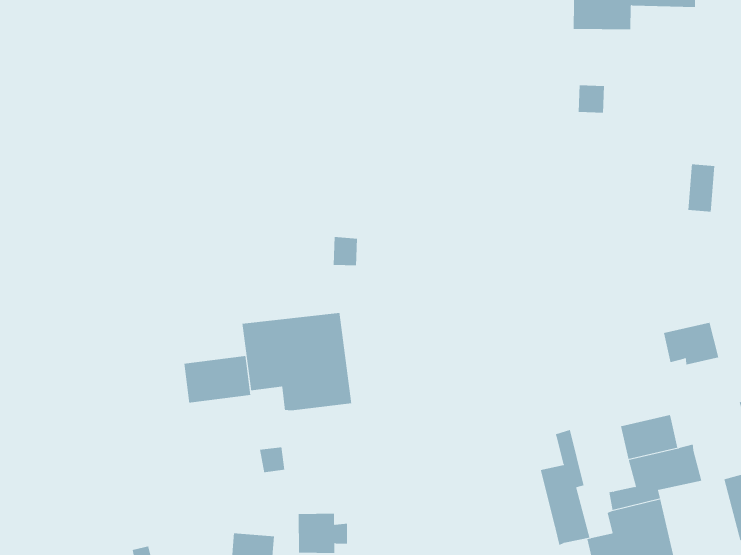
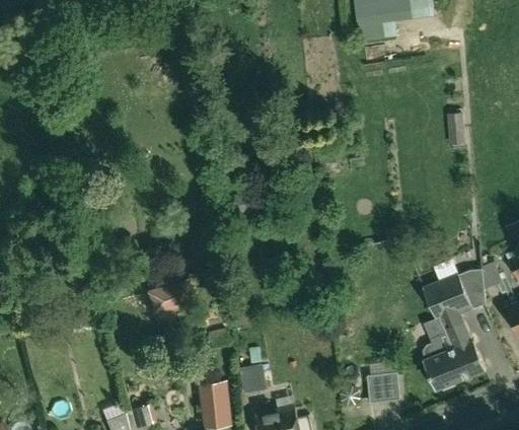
building: [242,312,352,411] -> none
building: [663,322,719,365] -> [461,262,499,291]
building: [540,429,590,546] -> none

